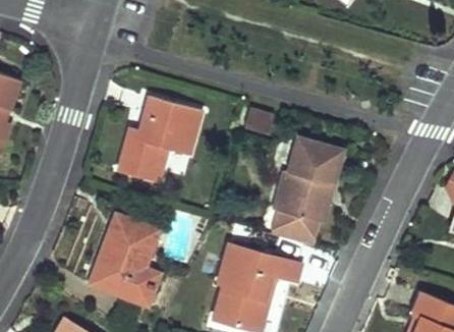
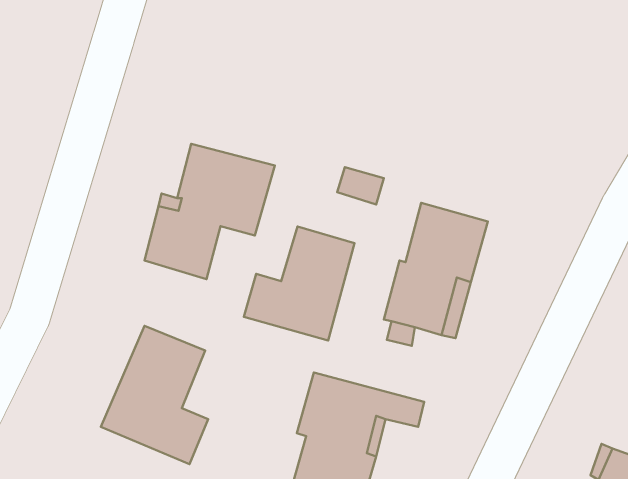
building: none -> [244,227,355,341]

